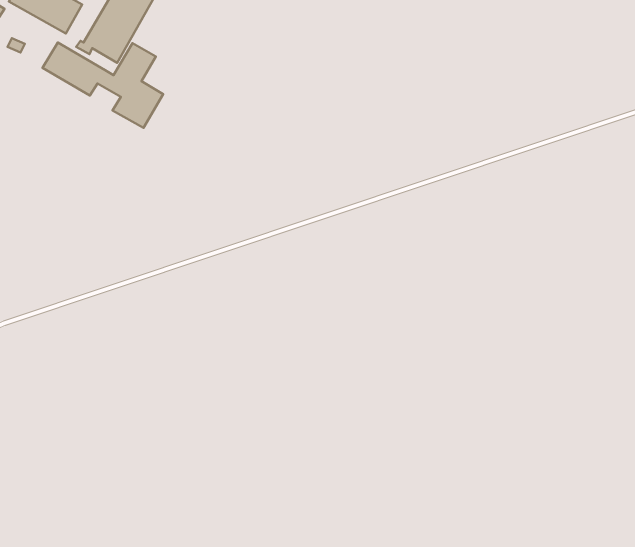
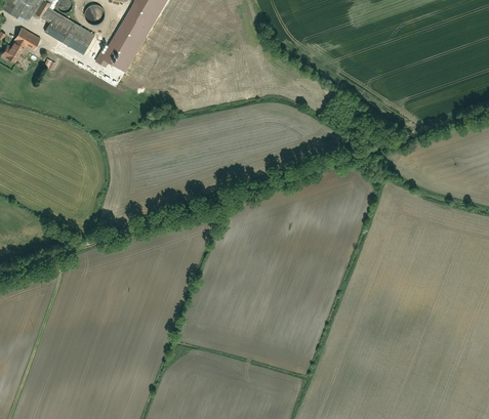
building: [43,42,163,128] -> none

